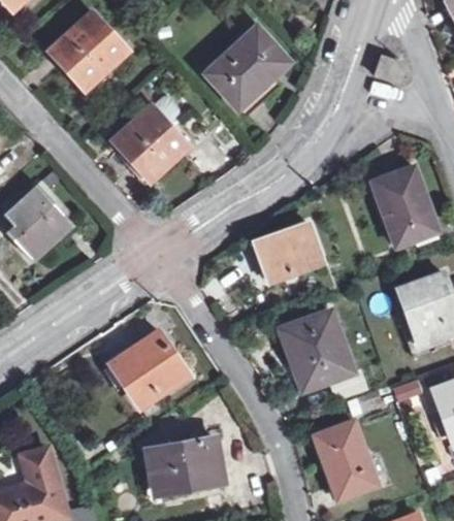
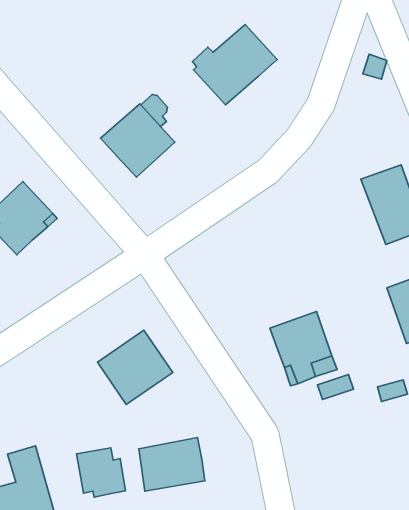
building: [52,12,127,86] -> none
building: [256,225,322,283] -> none
building: [315,422,377,498] -> none
building: none -> [77,448,125,497]

